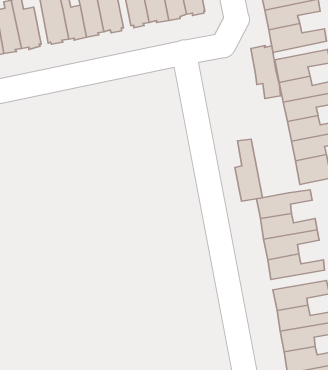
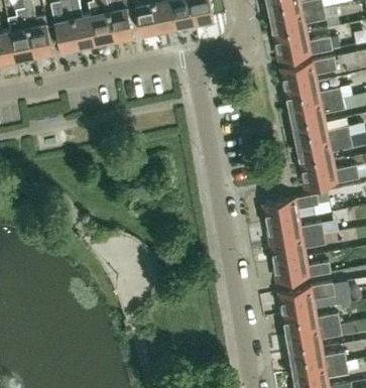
building: [251,45,281,99] -> none
building: [235,139,263,201] -> none

